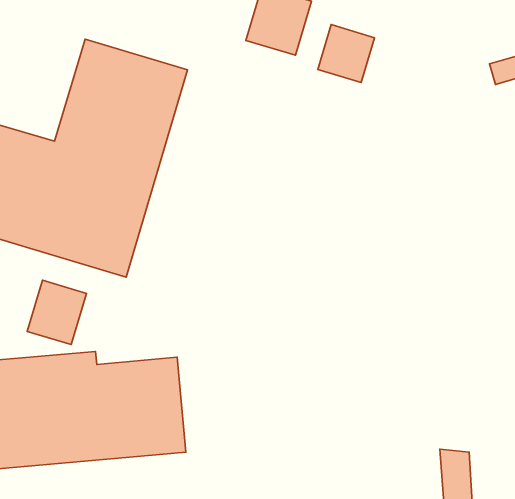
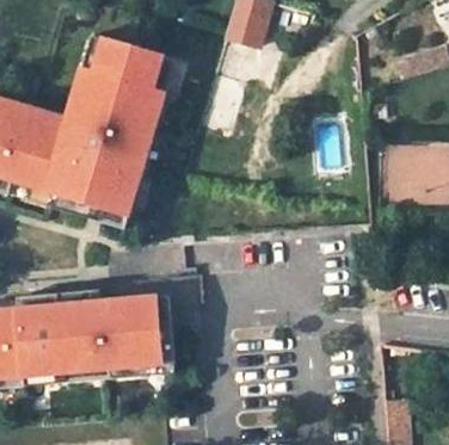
building: [318,25,375,83] -> none
building: [27,280,87,345] -> none

